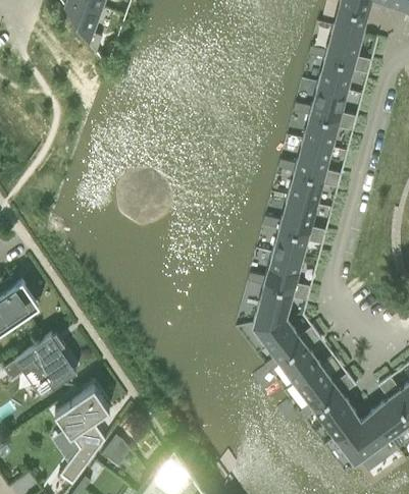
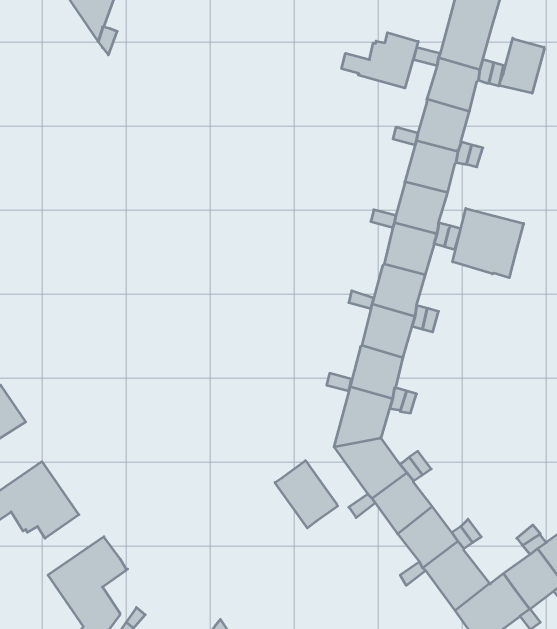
building: none -> [342,33,418,88]
building: none -> [499,38,544,93]
building: none -> [453,208,524,278]
building: none -> [275,461,338,528]

